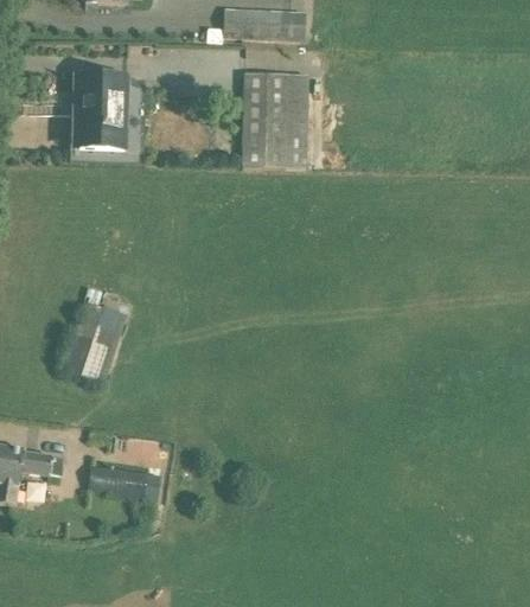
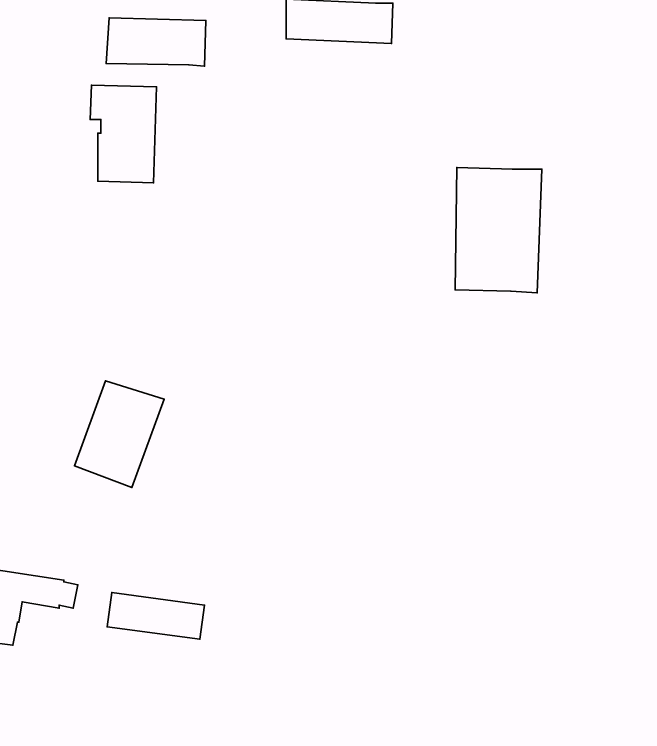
building: none -> [106,18,206,66]
building: [242,72,308,168] -> [455,167,542,293]

